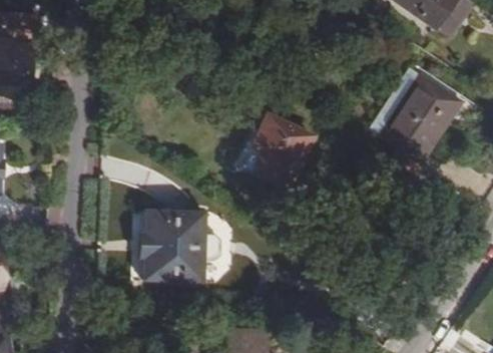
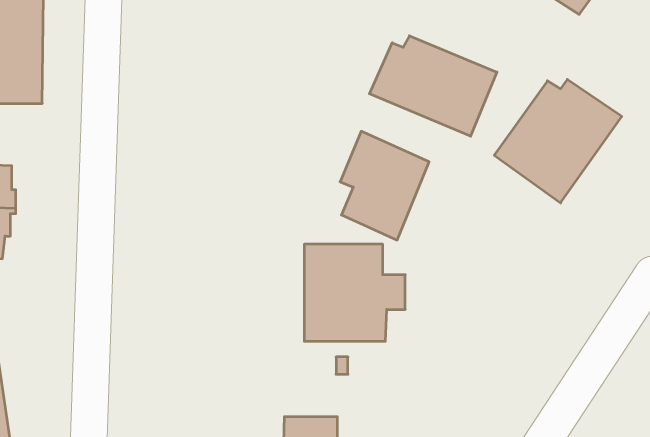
building: none -> [369,36,497,136]
building: [139,209,215,282] -> [304,244,405,341]

